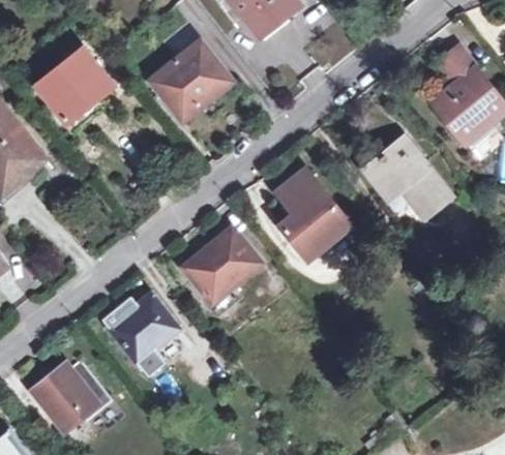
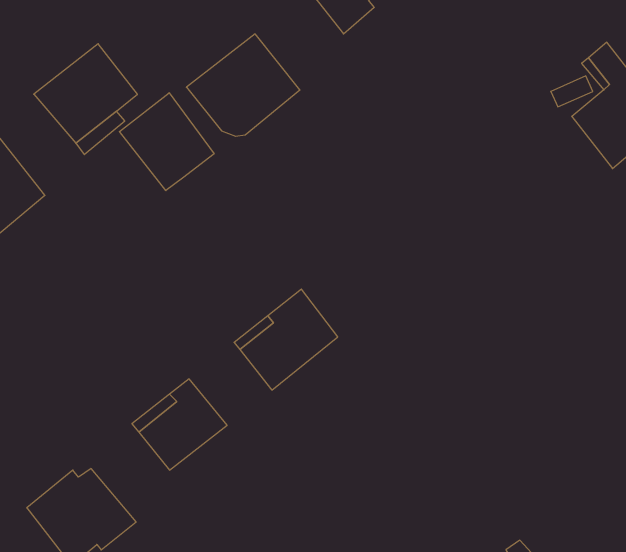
building: none -> [119,93,214,191]
building: [364,138,451,218] -> none
building: [278,171,348,256] -> none

